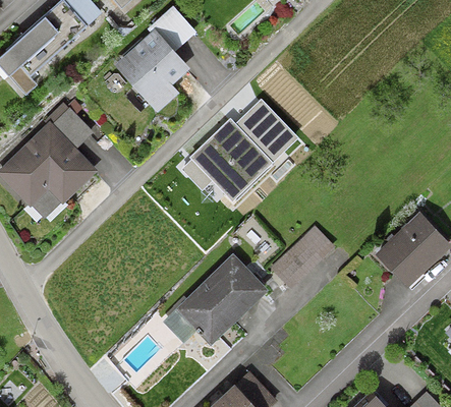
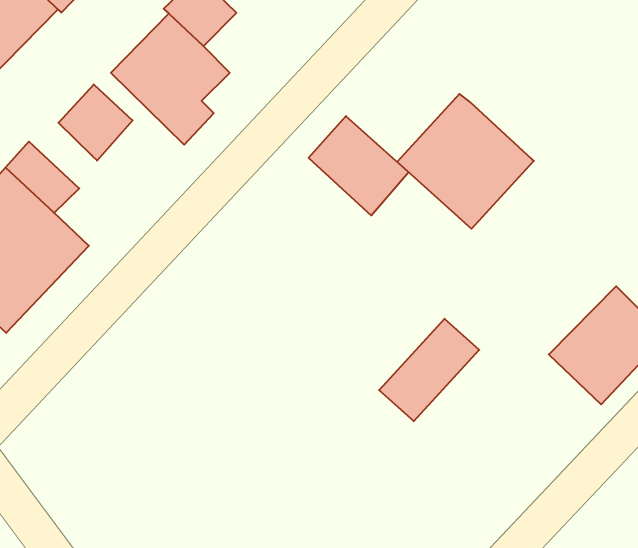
building: none -> [58,84,133,161]
building: [188,118,273,201] -> [397,94,534,229]
building: [164,254,268,345] -> none

